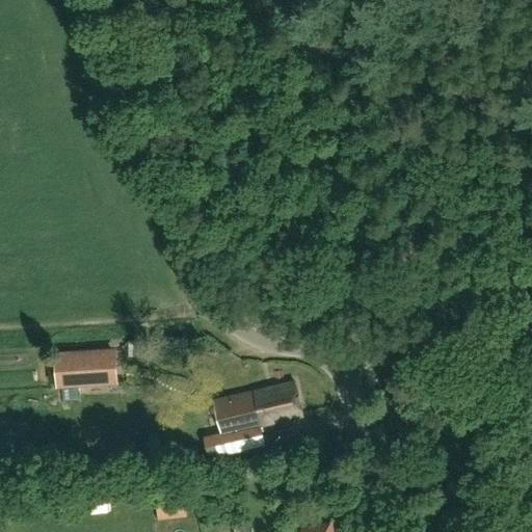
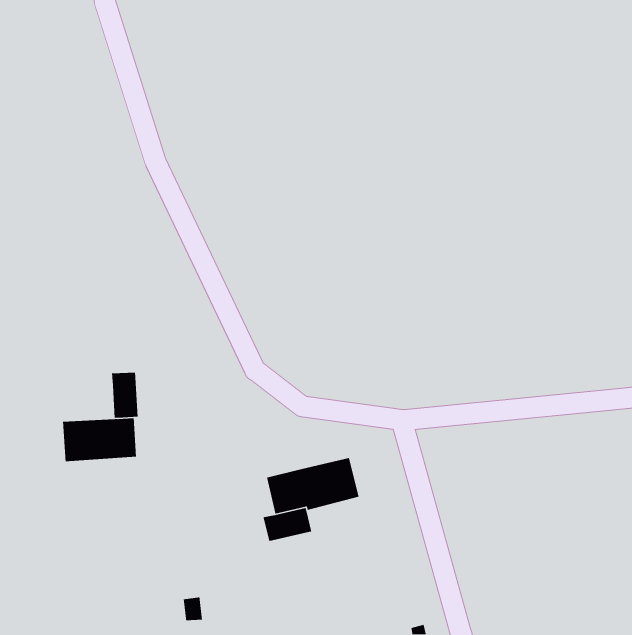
building: none -> [111,372,139,418]

